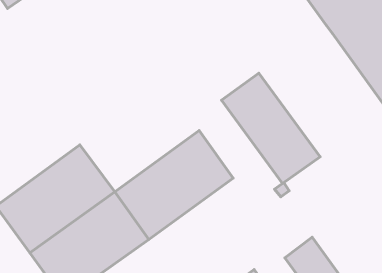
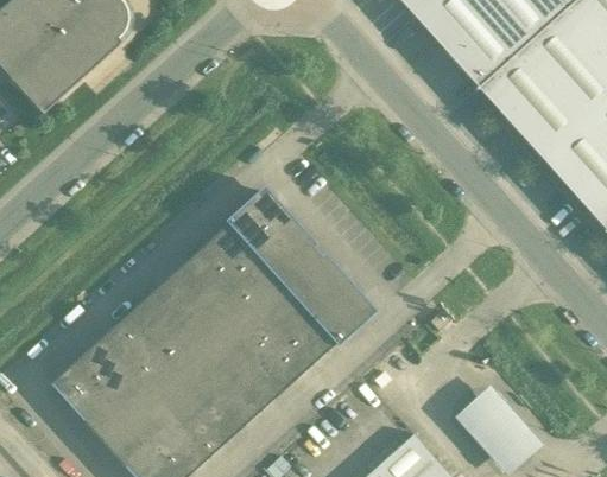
building: [222,73,320,183] -> none
building: none -> [158,191,320,346]

